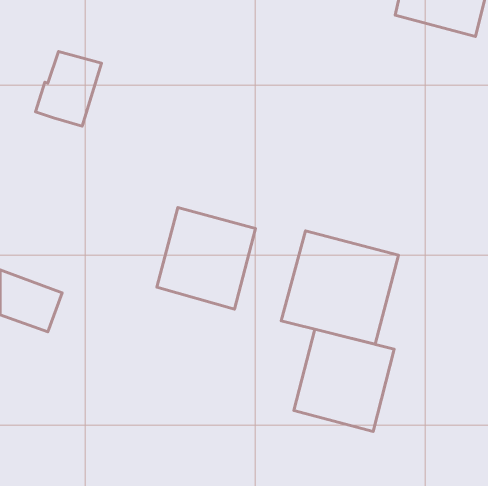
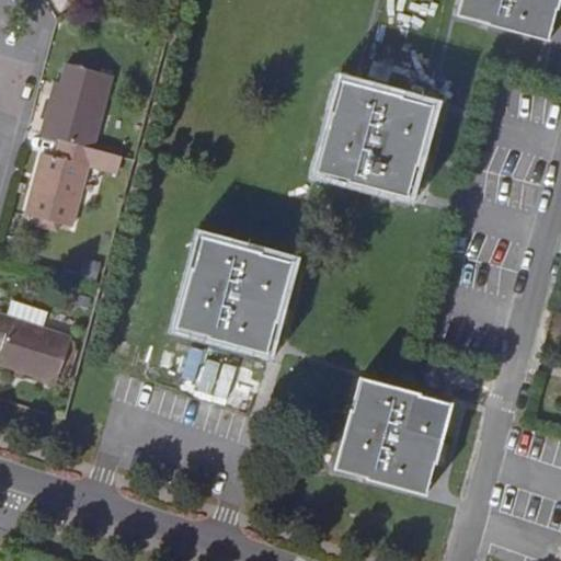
building: none -> [317,81,431,195]
building: none -> [24,135,95,222]
building: [281,231,399,344] -> none

